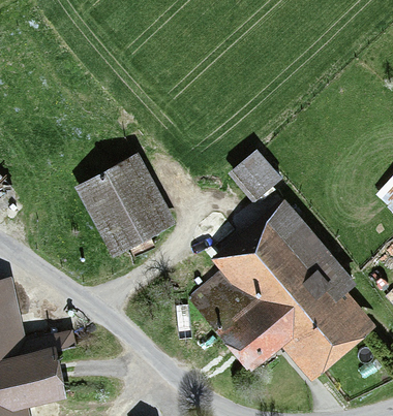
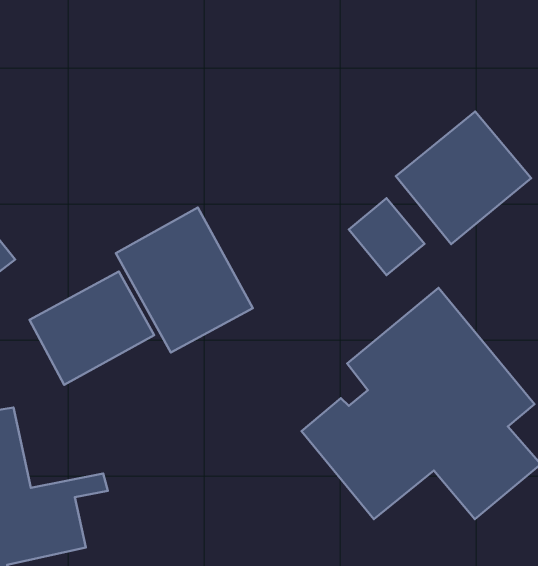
building: none -> [396,112,531,244]
building: none -> [29,272,154,385]

